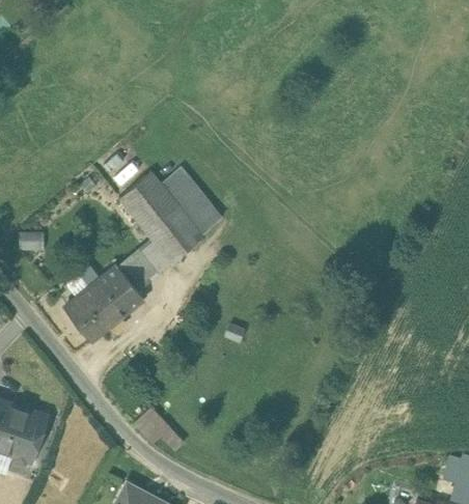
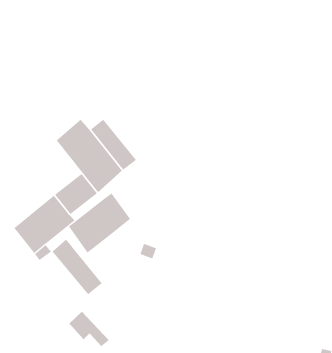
building: none -> [68,193,131,253]
building: none -> [52,239,103,295]

